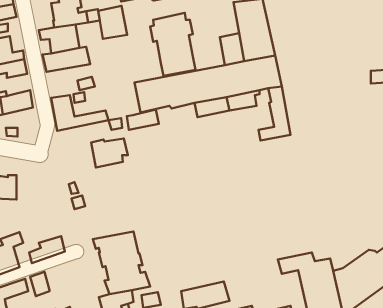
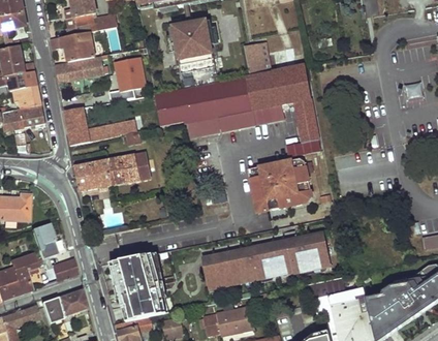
building: [98,6,127,39] -> [114,58,145,93]
building: none -> [17,86,41,108]
building: [127,109,159,130] -> [186,117,220,138]
building: none -> [73,159,112,190]
building: none -> [248,159,312,213]
building: none -> [32,225,59,259]
building: none -> [206,233,331,288]
building: none -> [57,289,87,317]

